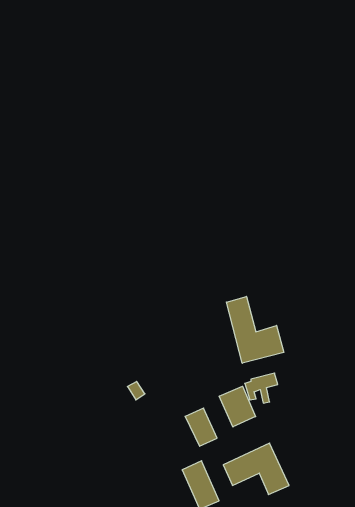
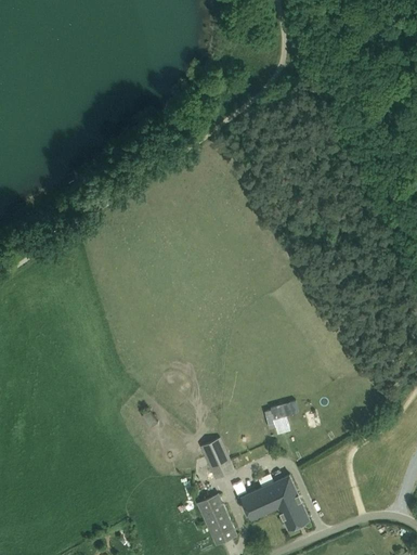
building: [226,296,284,363] -> none
building: [219,386,256,427] -> none

